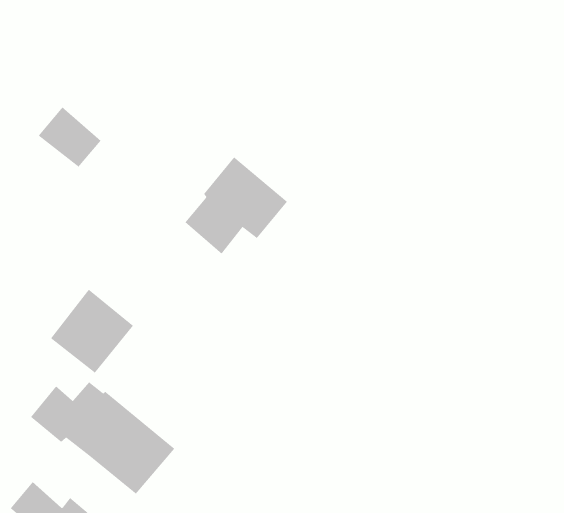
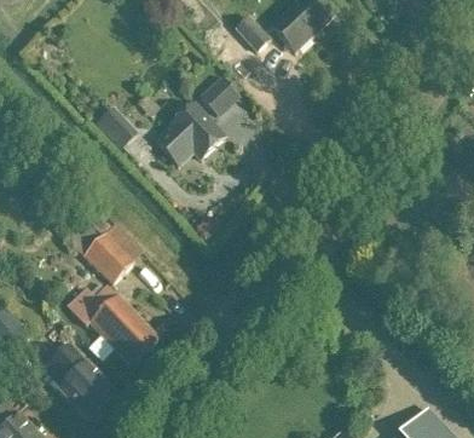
building: none -> [198,76,239,117]
building: [184,157,288,254] -> [155,103,224,166]

